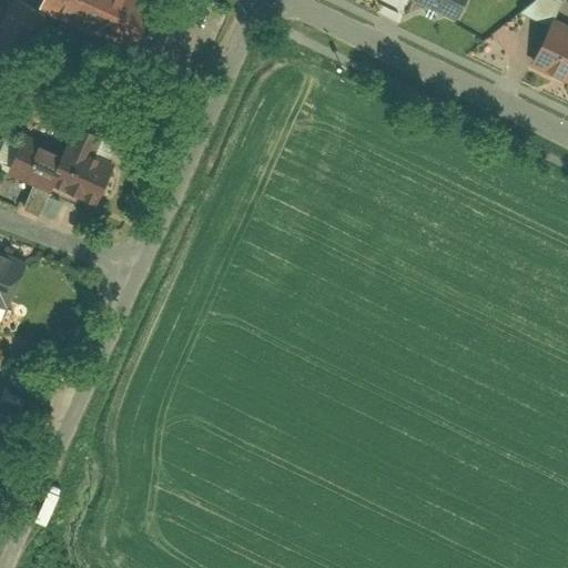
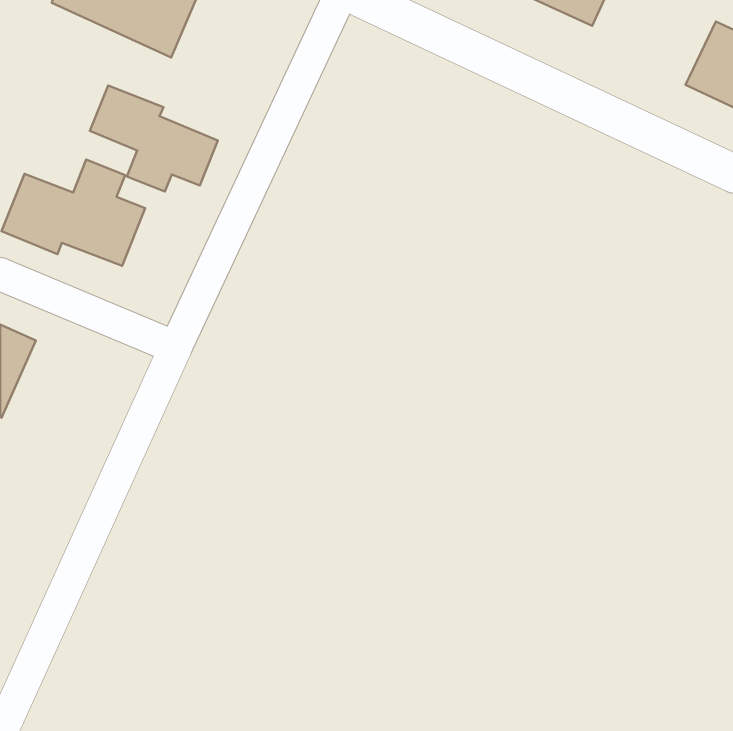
building: none -> [90,86,218,191]

